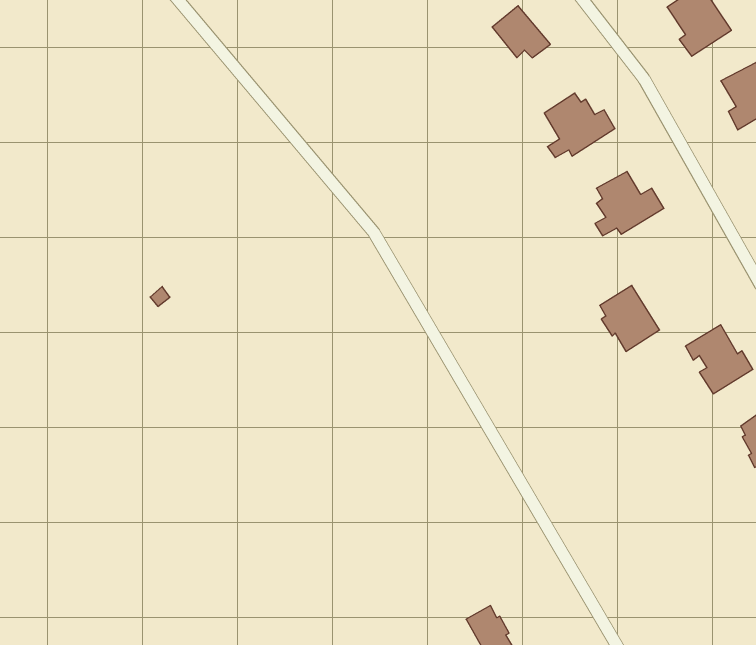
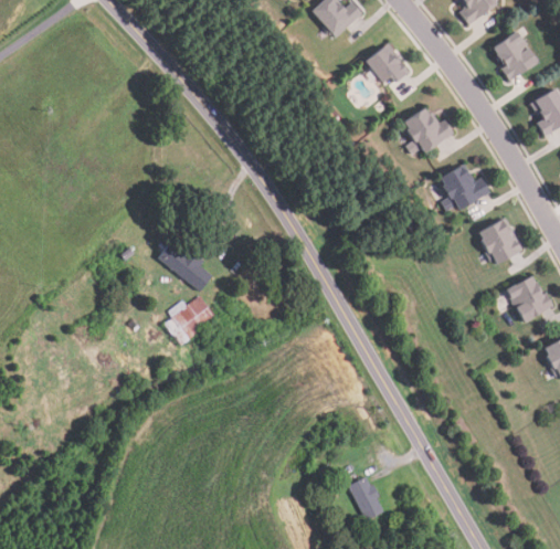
building: none -> [157,241,212,291]
building: [600,285,660,351] -> [479,218,522,265]
building: none -> [163,295,218,346]

